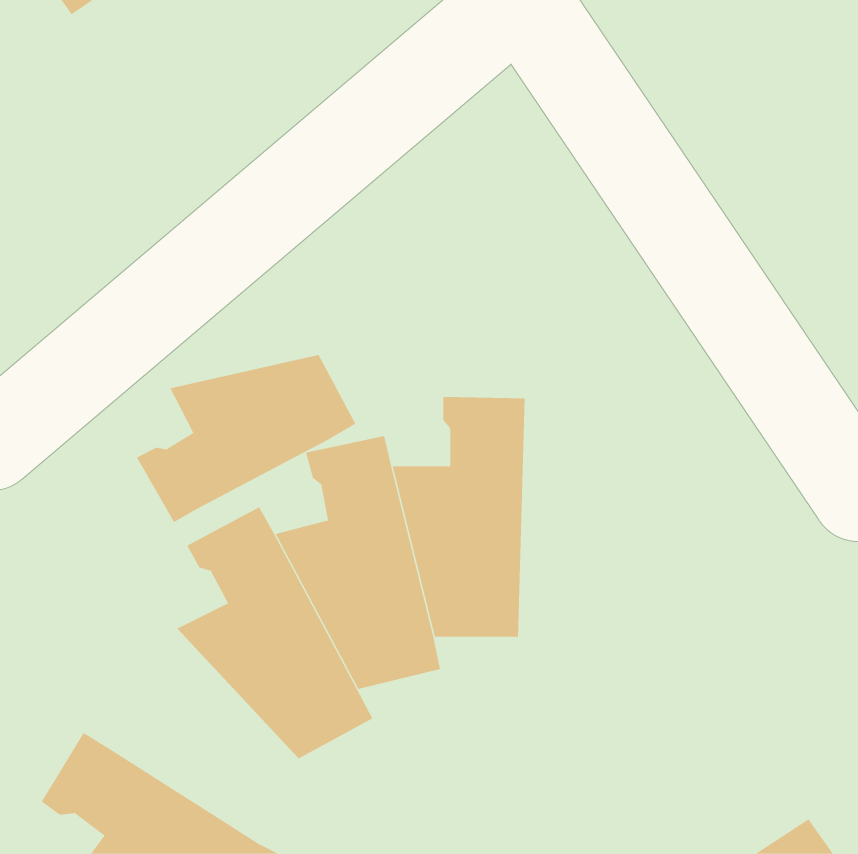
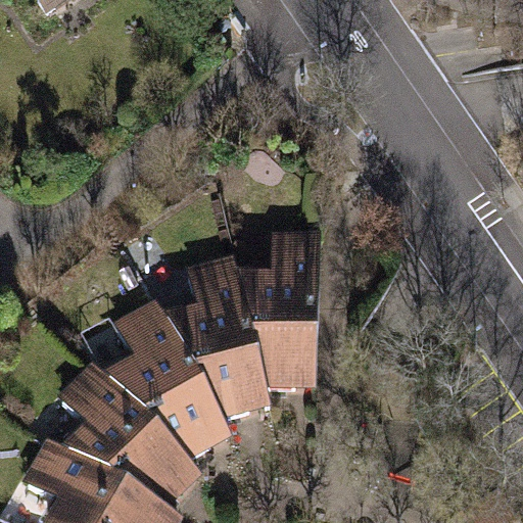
building: [136,354,356,523] -> none
building: none -> [59,368,193,509]

